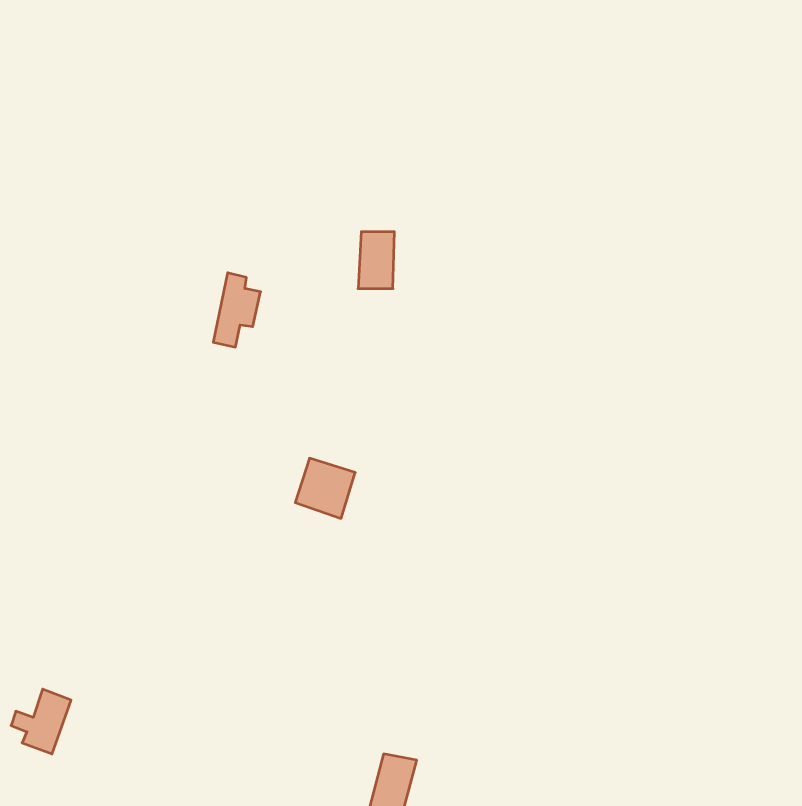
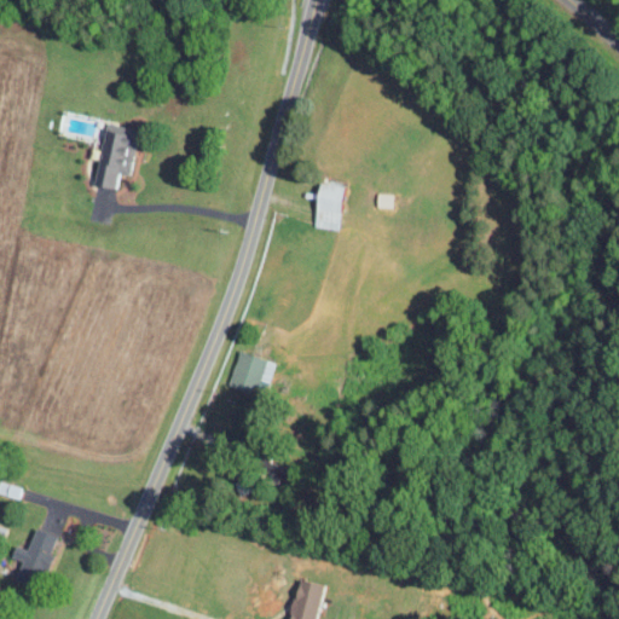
building: [358,232,394,289] -> [314,185,342,228]
building: [213,273,261,347] -> [98,133,134,190]

